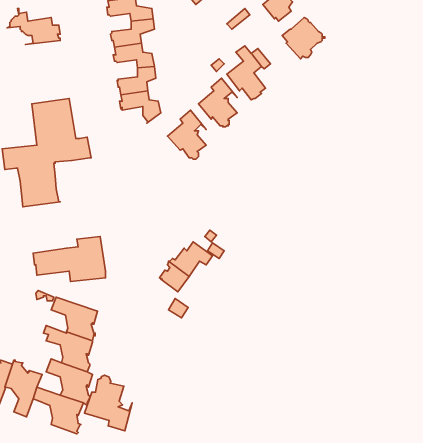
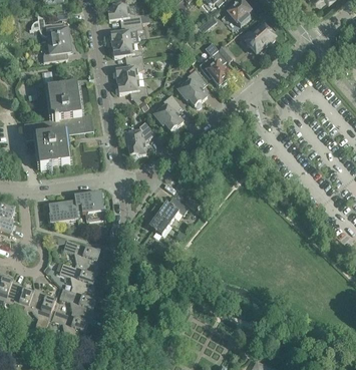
building: none -> [43,38,72,60]
building: none -> [124,119,155,157]
building: [85,375,132,431] -> none

